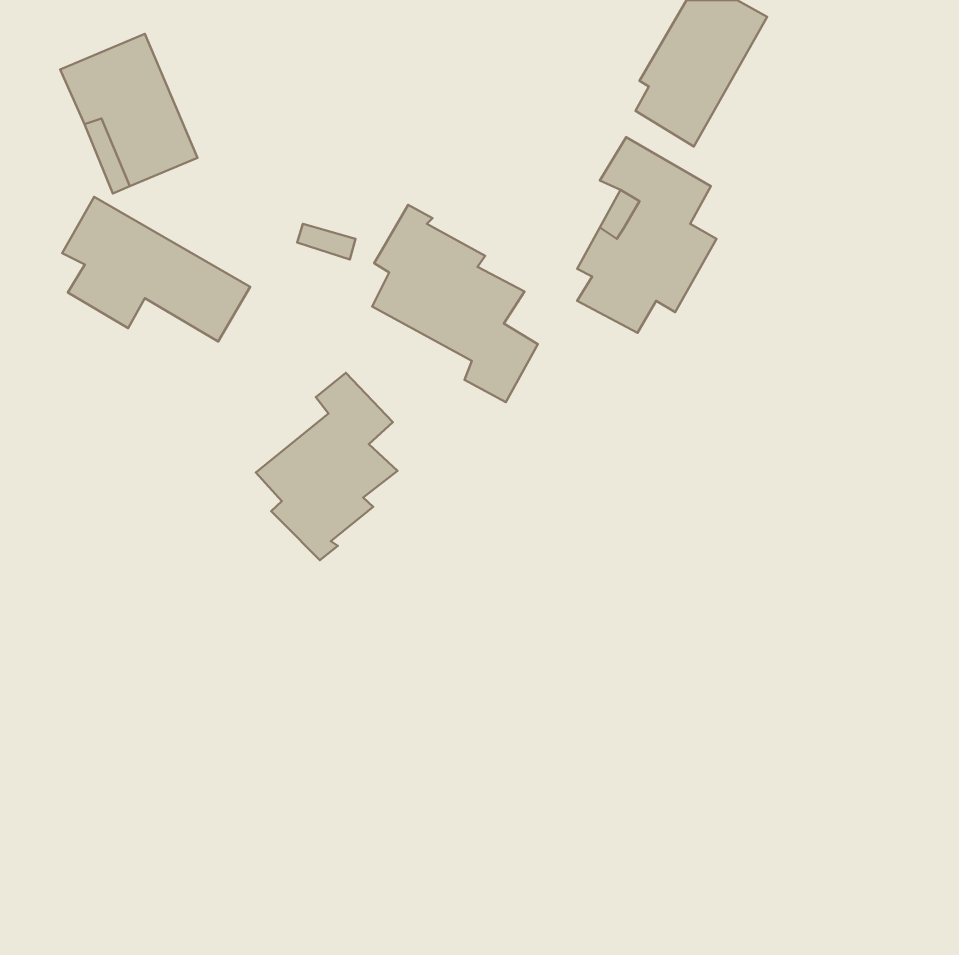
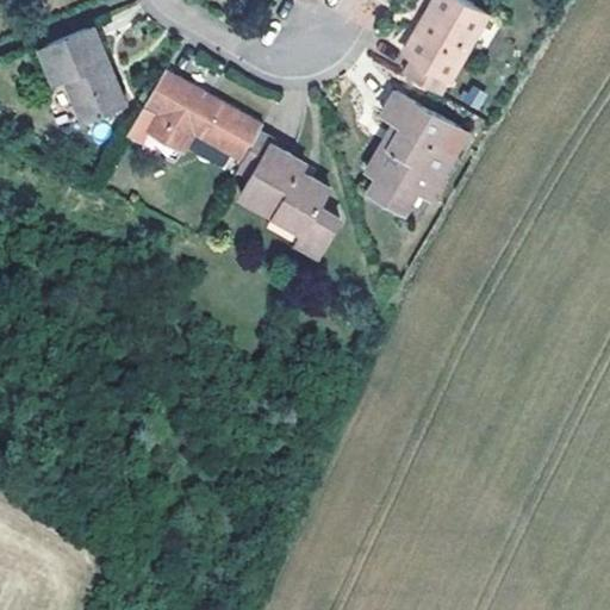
building: [62,197,250,341] -> [143,70,262,162]
building: [256,373,398,560] -> none

